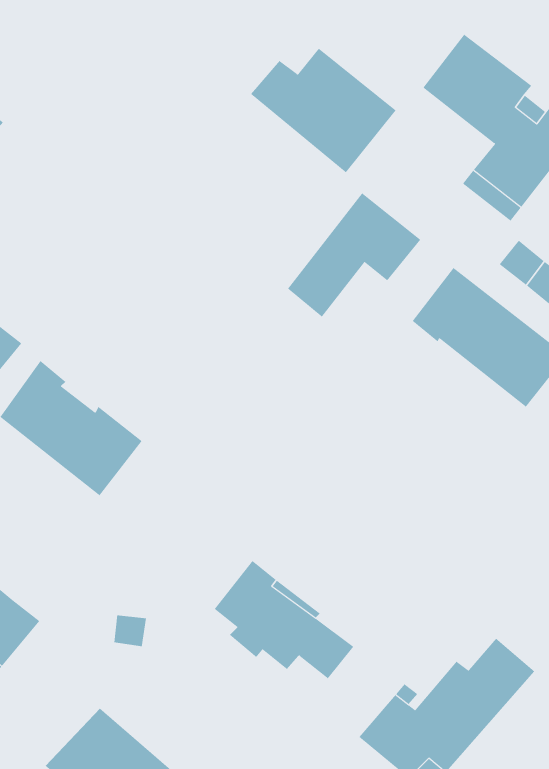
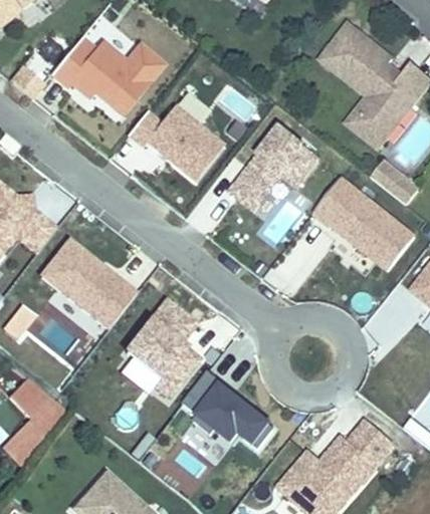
building: [250,48,396,173] -> [129,101,225,184]
building: none -> [52,37,163,113]
building: none -> [127,299,199,396]

